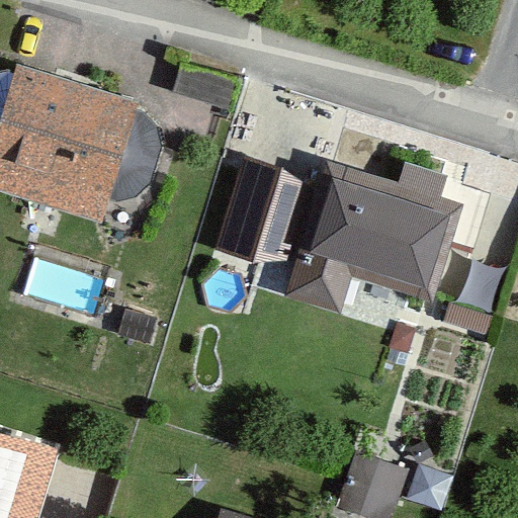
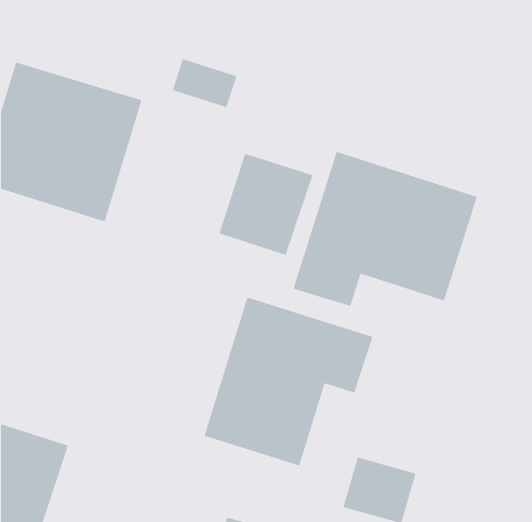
building: none -> [203,296,374,467]

